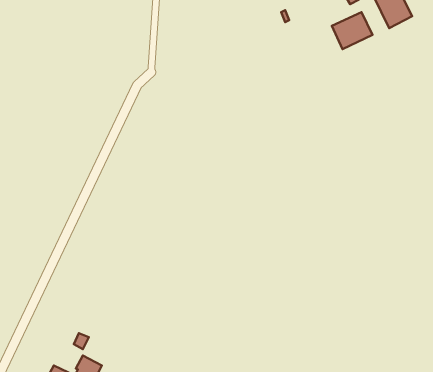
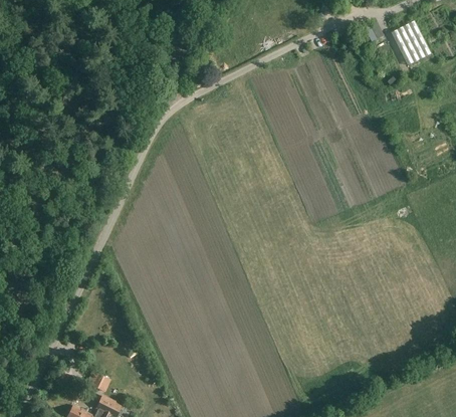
building: [332,12,372,49] -> none

